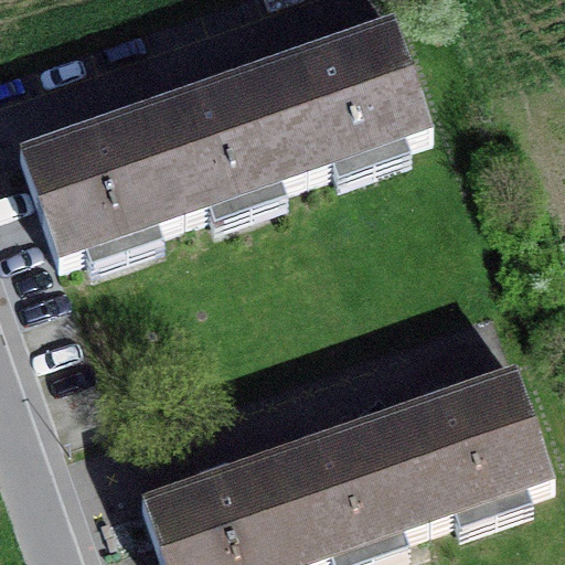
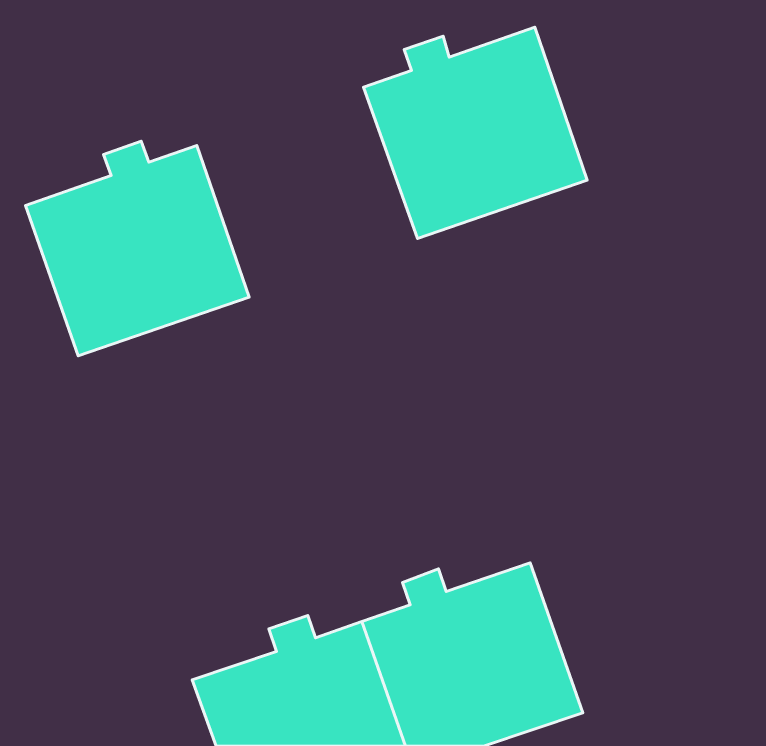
building: [145,64,307,218] -> none
building: [390,370,553,524] -> none

